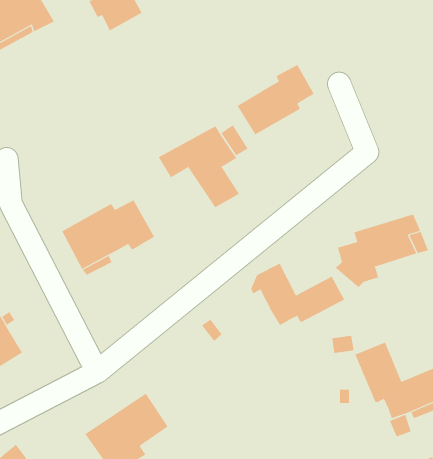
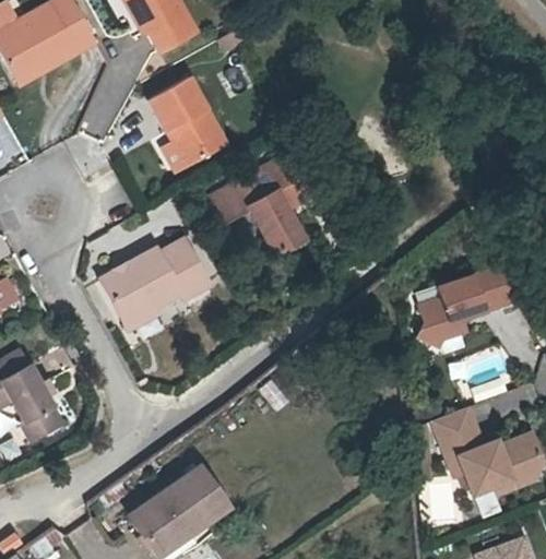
building: none -> [149,81,224,166]
building: [237,64,315,135] -> none
building: [251,263,345,326] -> none

